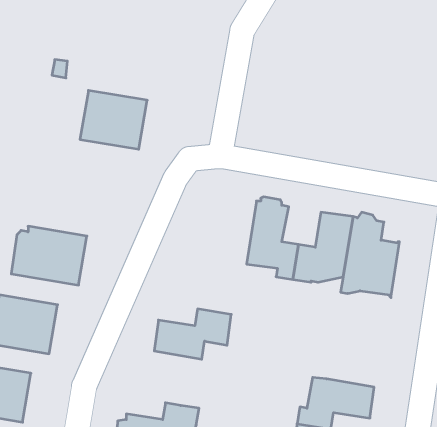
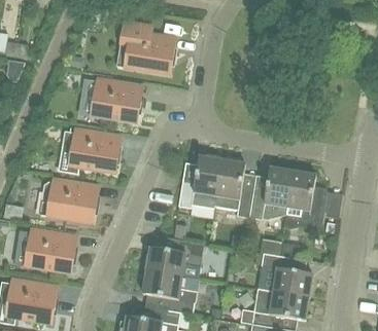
building: none -> [118,19,174,73]
building: none -> [62,127,118,172]
building: none -> [177,152,221,208]
building: none -> [261,252,312,296]
building: none -> [142,269,196,314]

